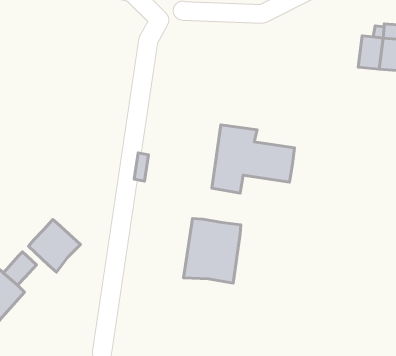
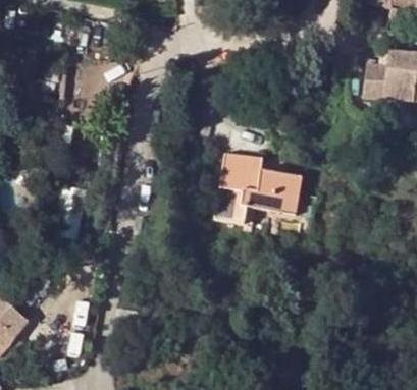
building: [184,219,241,283] -> none
building: [28,219,81,272] -> none

